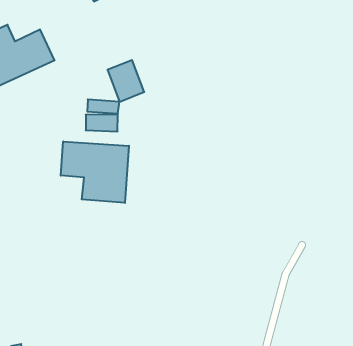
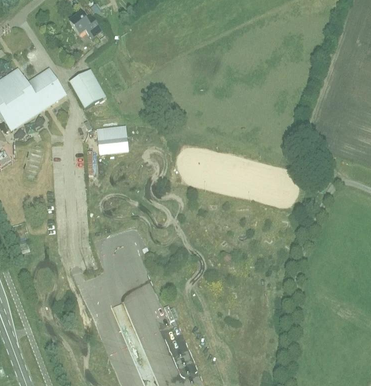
building: [107,60,144,102] -> [70,68,106,107]
building: [61,141,129,203] -> none

